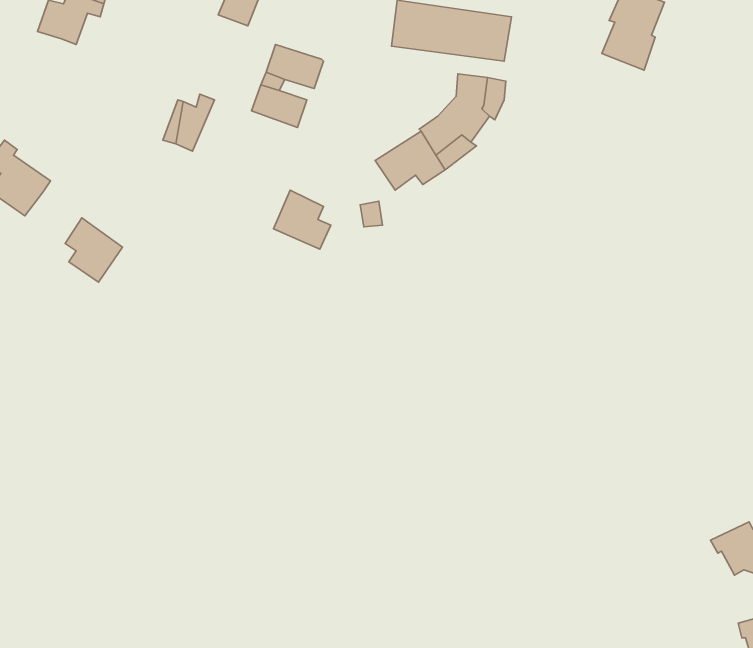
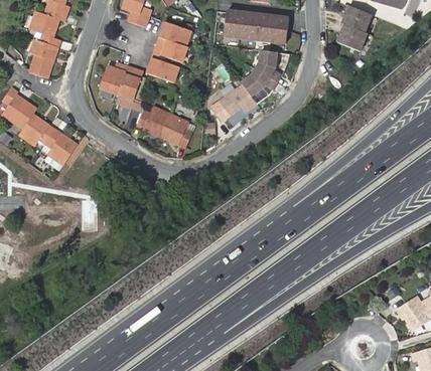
building: none -> [159,20,189,43]
building: none -> [29,32,58,76]
building: none -> [114,65,140,99]
building: none -> [134,108,167,136]
building: none -> [18,116,53,146]

